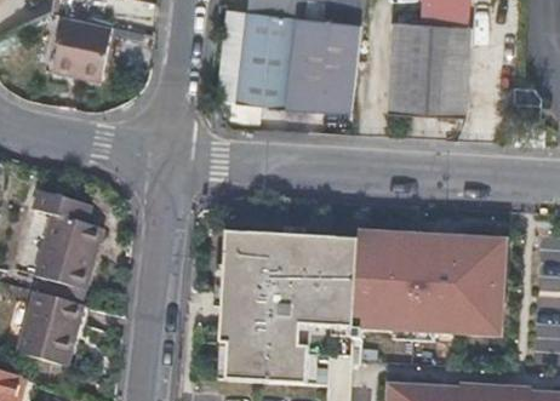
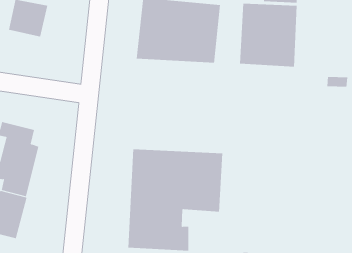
building: [359,230,514,338] -> none

